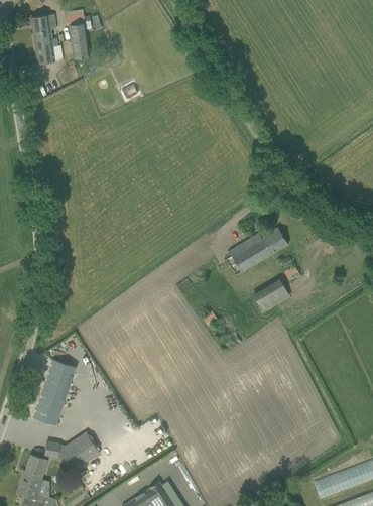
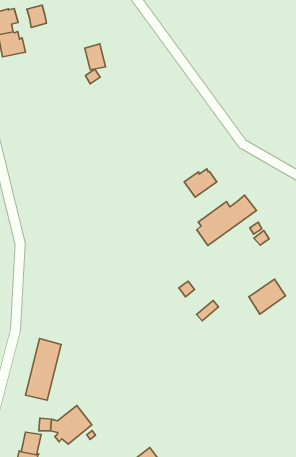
building: [71,32,91,58] -> [85,44,106,70]
building: none -> [184,169,217,197]
building: [252,278,290,313] -> [249,279,286,314]

